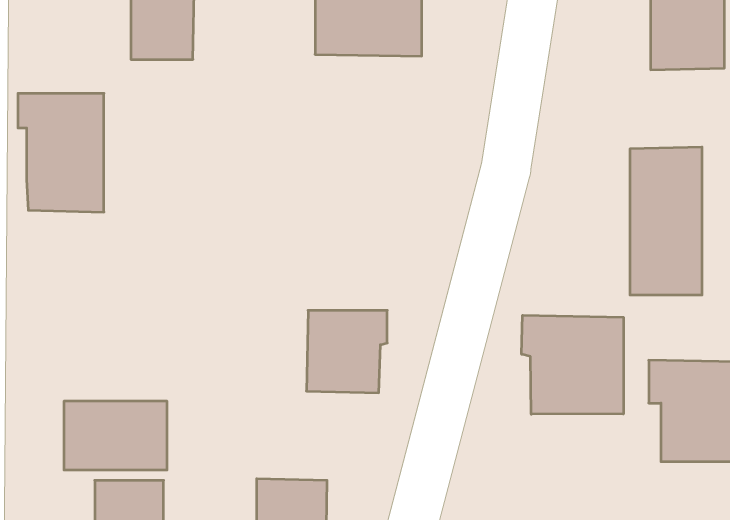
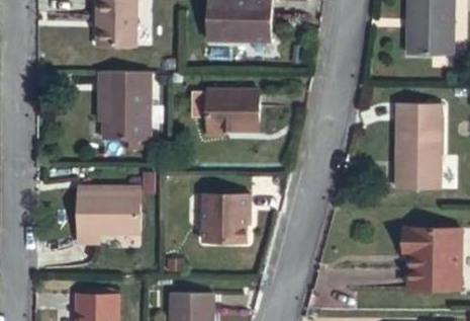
building: [18,93,104,212] -> [99,71,150,141]
building: none -> [206,91,258,136]
building: [522,315,623,414] -> none
building: [64,401,167,470] -> [79,195,139,236]

